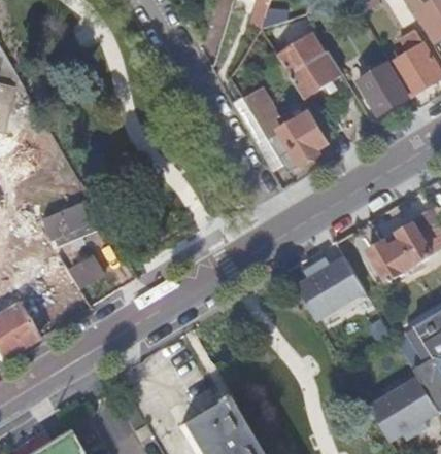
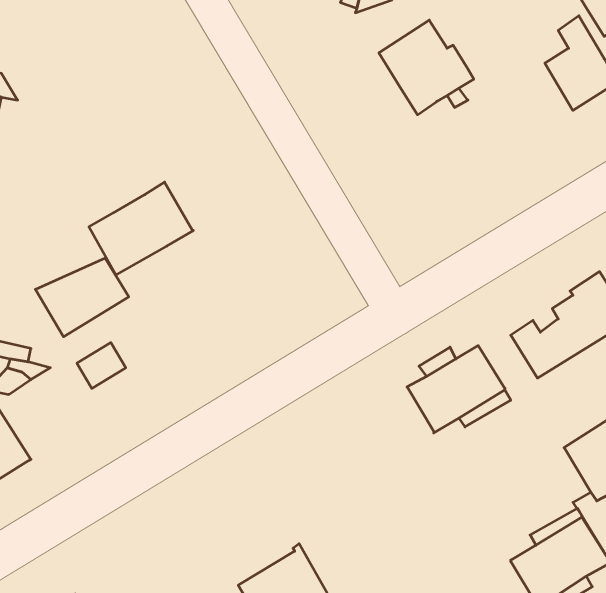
building: [360,63,409,114] -> none
building: [243,85,330,170] -> none
building: none -> [89,182,193,275]

